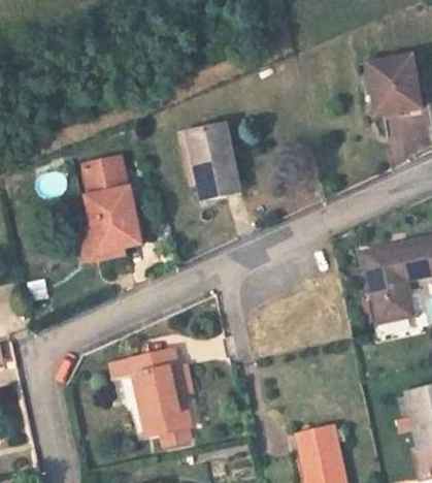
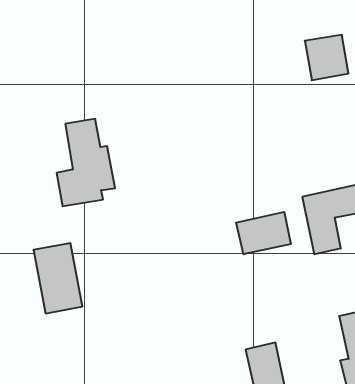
building: [188,124,234,198] -> none
building: none -> [236,212,291,254]
building: [128,362,187,447] -> [33,243,82,313]

